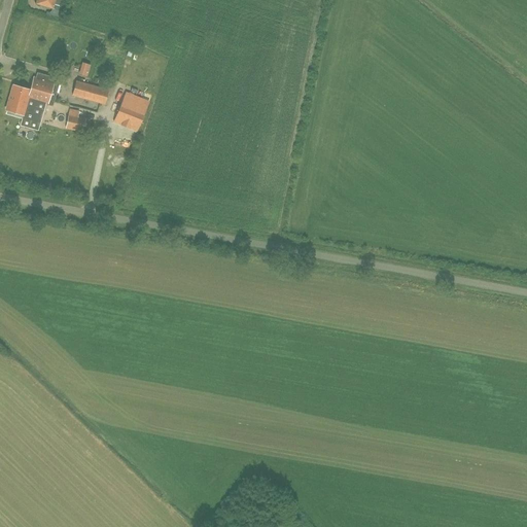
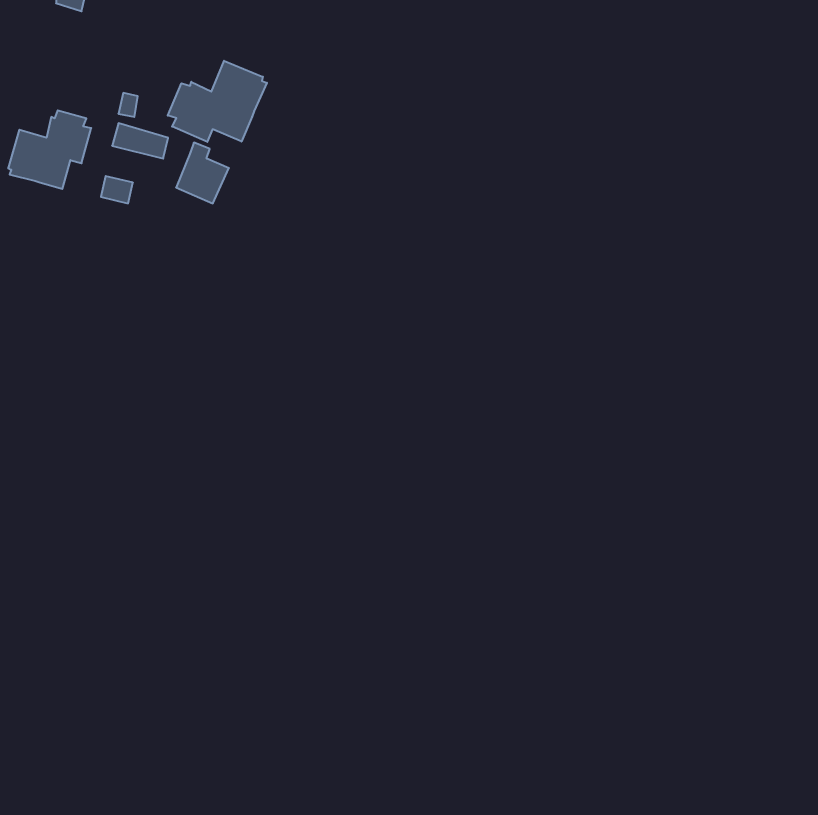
building: none -> [168,61,267,142]

